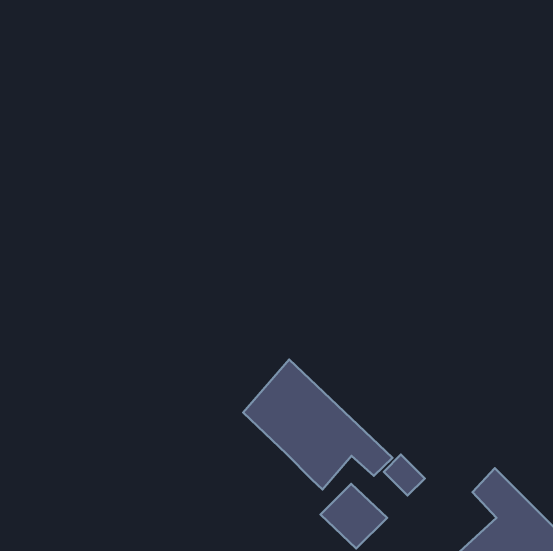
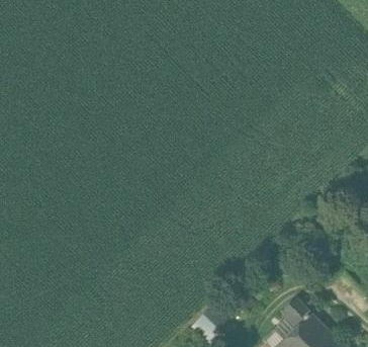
building: [243,359,393,489] -> none

